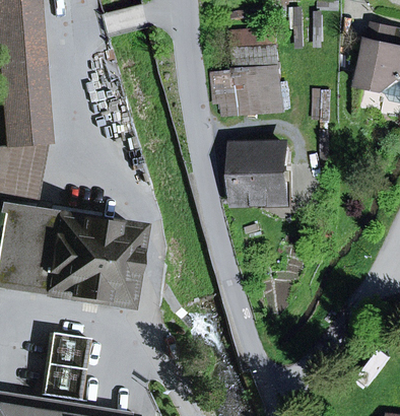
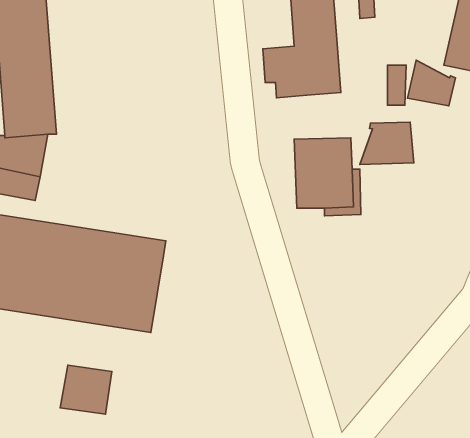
building: none -> [407,60,456,106]
building: none -> [360,122,414,165]

